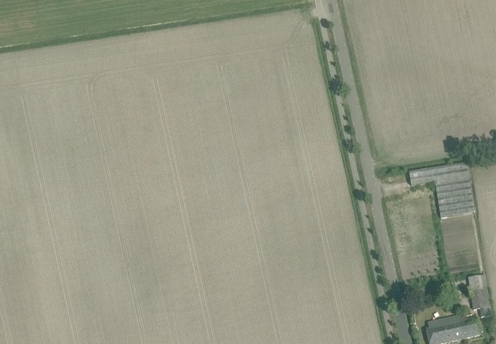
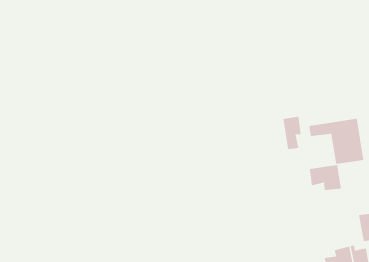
building: none -> [283,116,301,150]
building: none -> [309,164,342,191]

